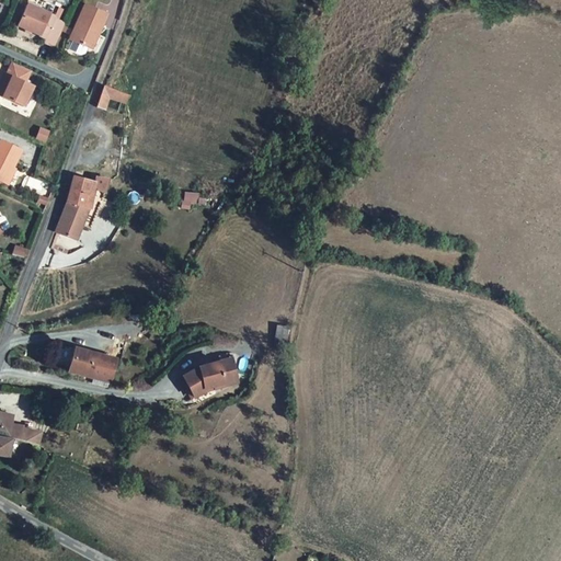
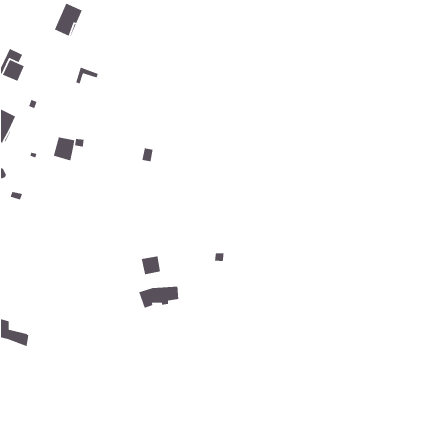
building: [18,4,65,45] -> none
building: [57,201,90,238] -> none
building: none -> [141,256,161,275]
building: [59,341,107,377] -> none

